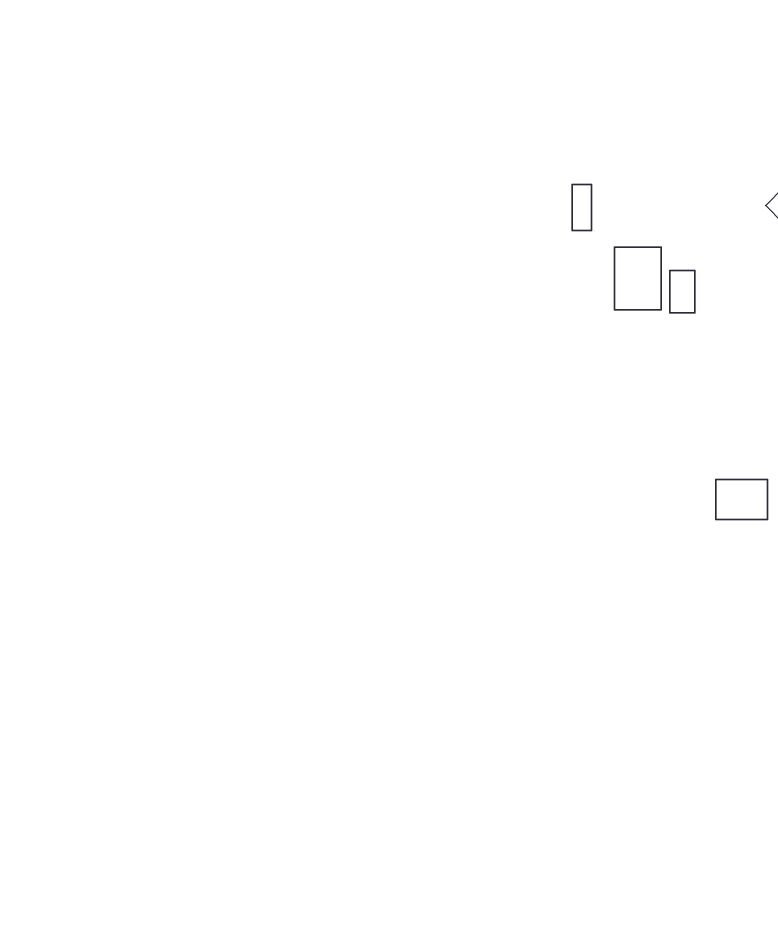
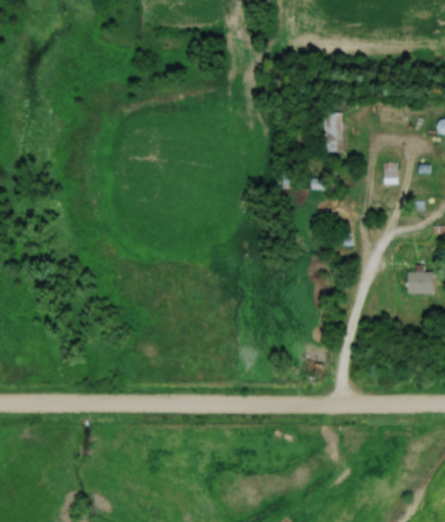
building: [614,247,661,310] -> none

